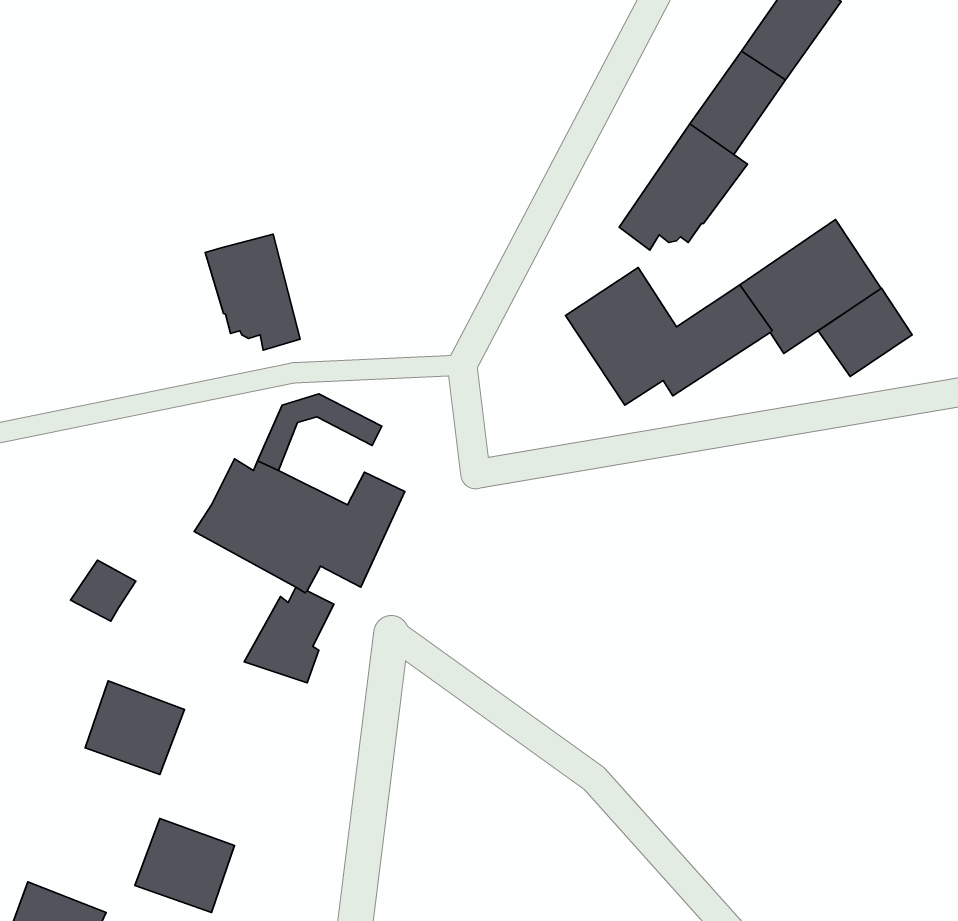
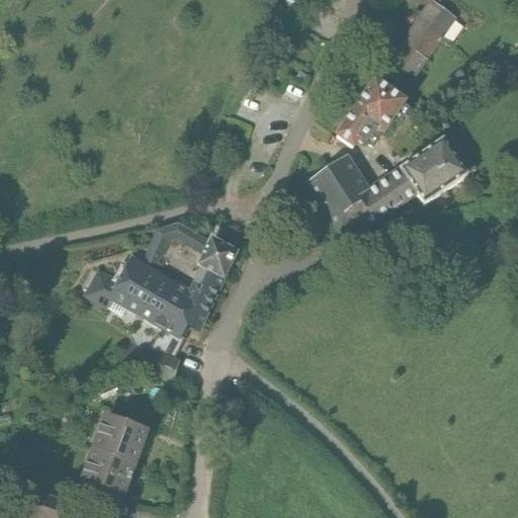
building: [205,234,300,350] -> none
building: [818,288,912,377] -> none
building: none -> [200,238,236,274]
building: [71,560,136,621] -> [87,270,121,303]
building: [85,681,185,775] -> [94,412,147,461]

